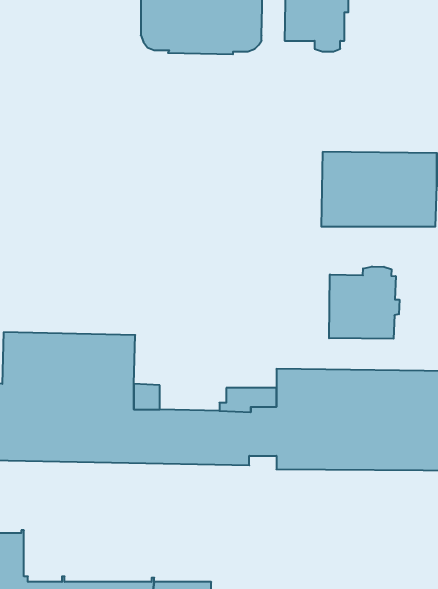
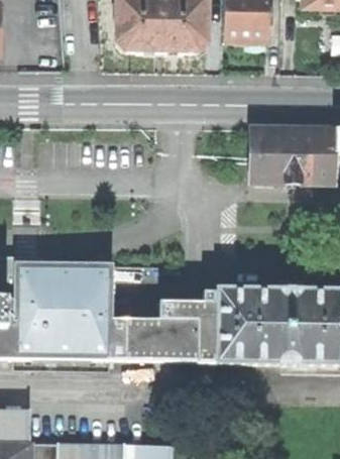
building: [329,266,399,339] -> none

